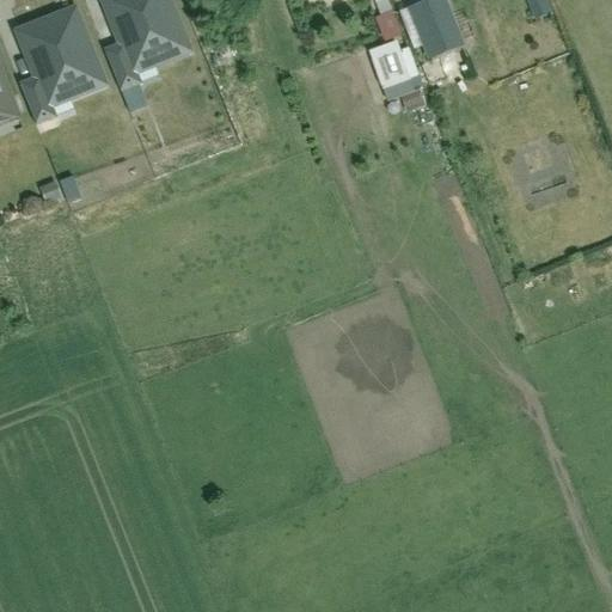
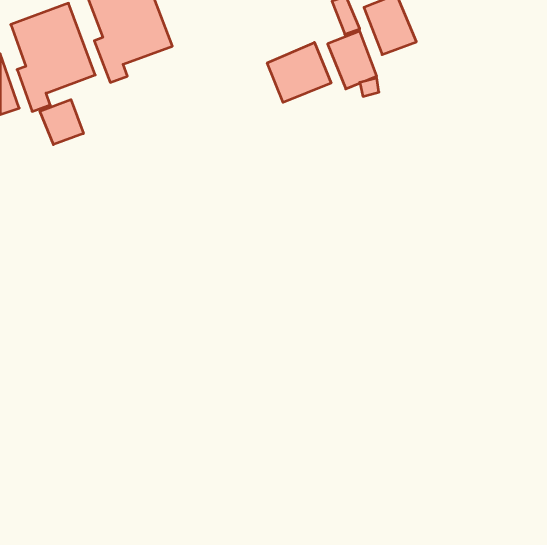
building: none -> [267,42,331,102]
building: none -> [40,100,83,145]

